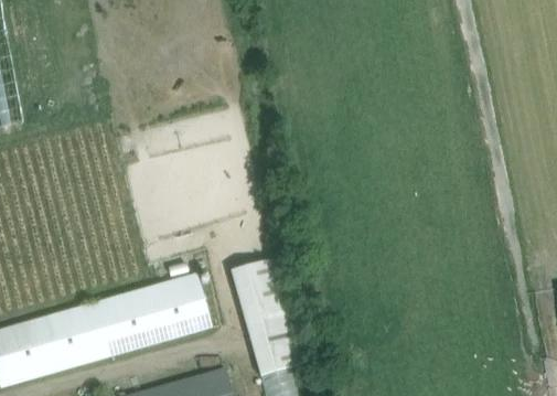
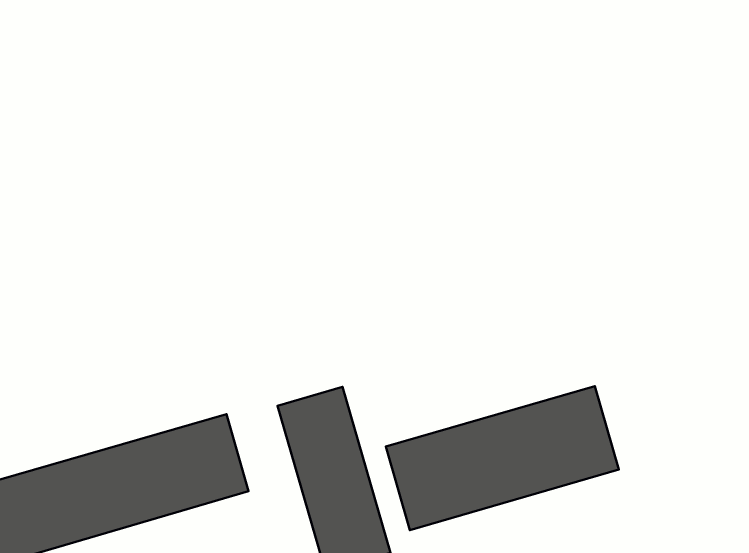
building: none -> [386,386,619,530]

